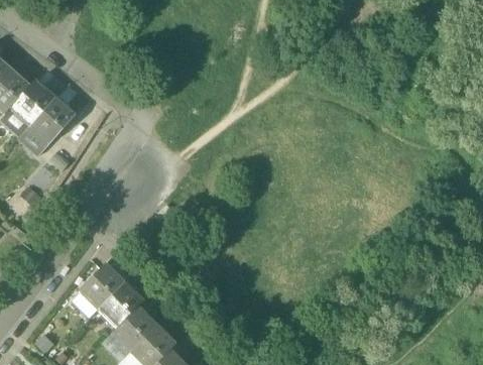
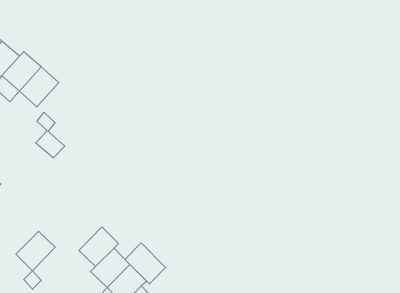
building: [16,124,49,155] -> [36,131,65,158]
building: [79,262,124,308] -> [16,231,55,271]
building: none -> [125,243,166,284]

